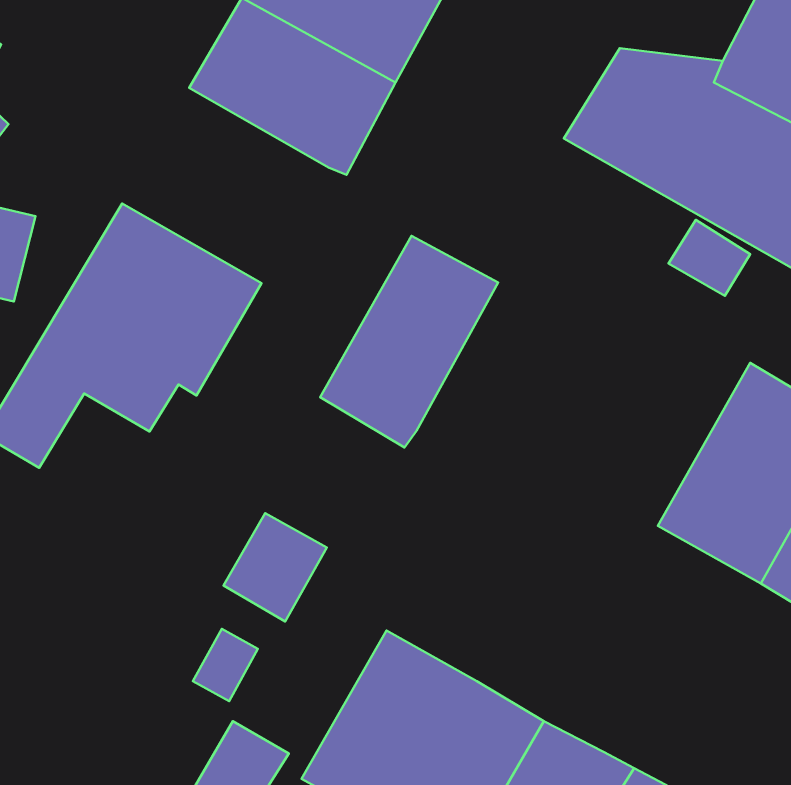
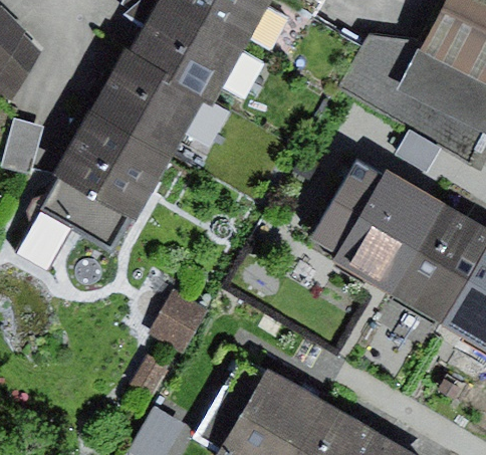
building: none -> [92,53,207,162]
building: [320,236,498,447] -> none
building: none -> [311,159,441,296]

